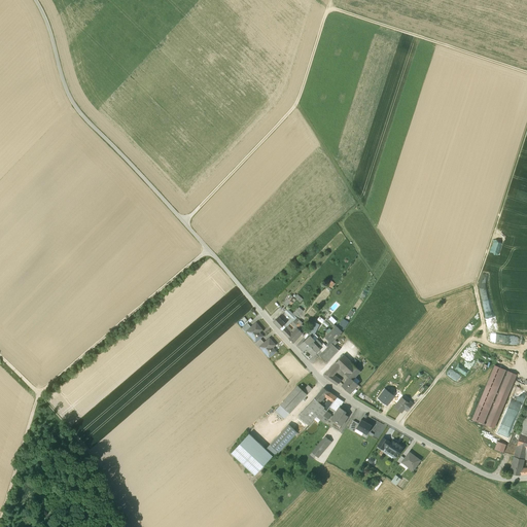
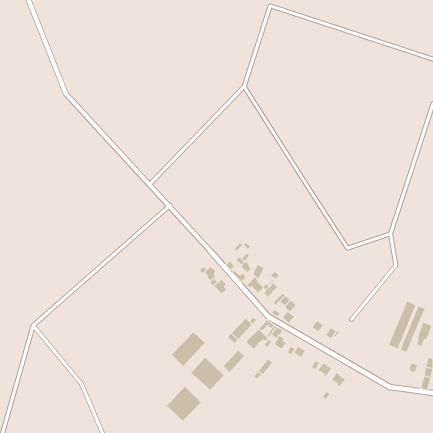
building: none -> [171,331,206,367]
building: none -> [166,386,201,422]

